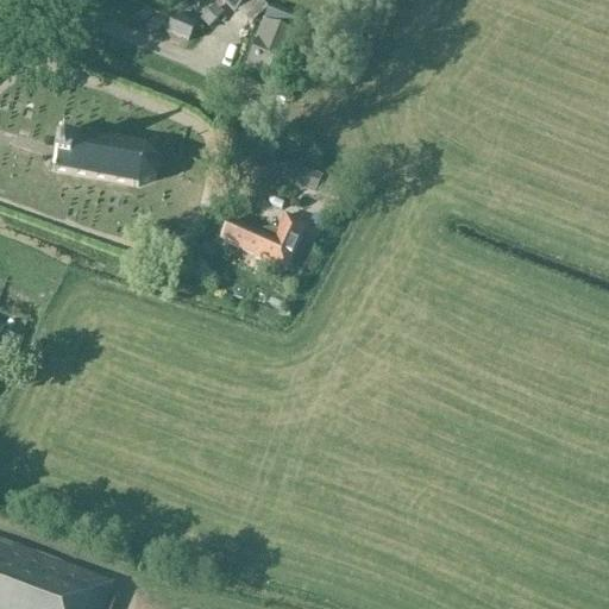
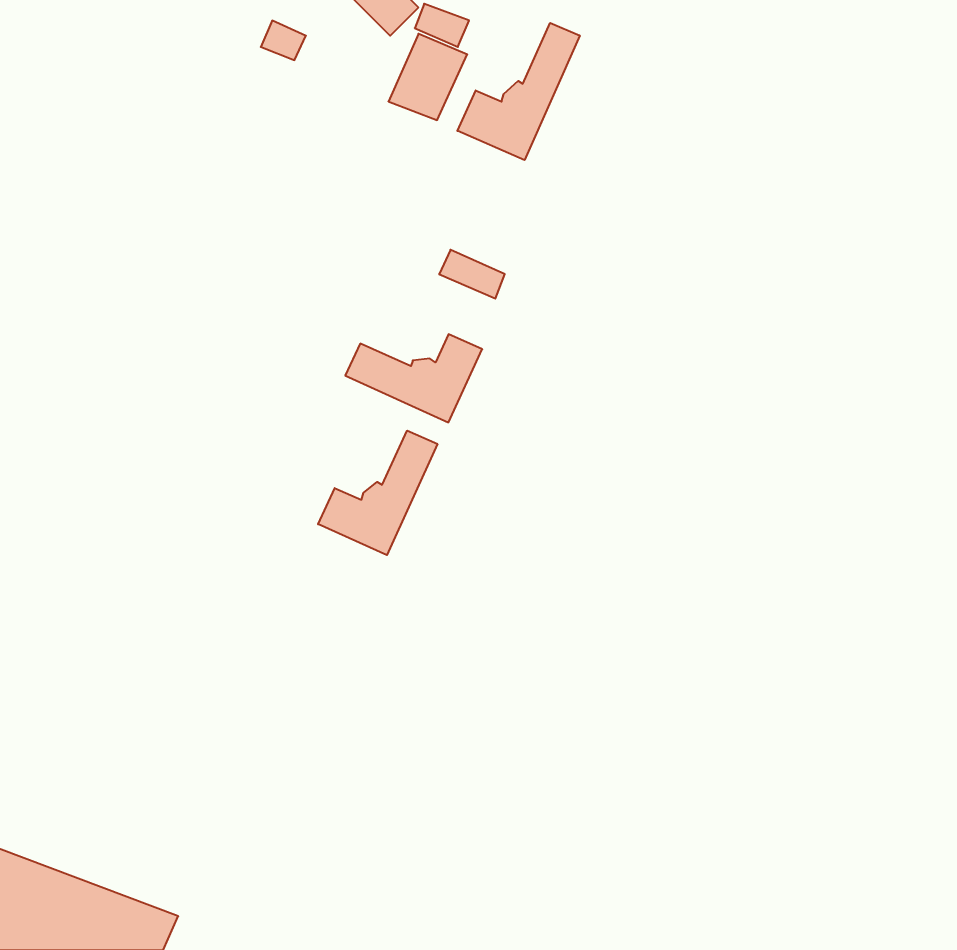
building: none -> [457,23,580,160]
building: [51,130,158,184] -> none
building: none -> [318,431,437,555]

